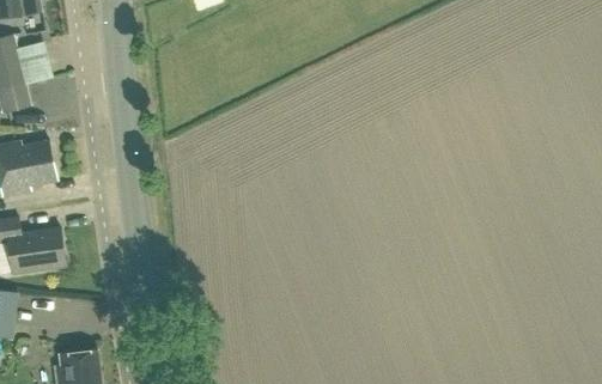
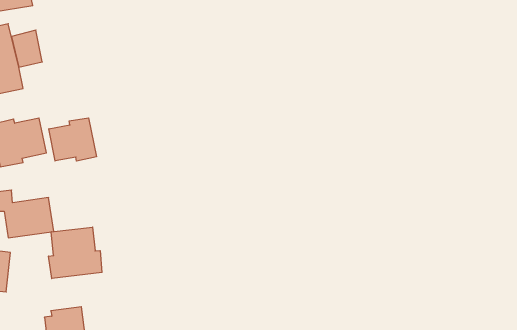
building: none -> [49,118,96,161]
building: none -> [49,227,102,279]

